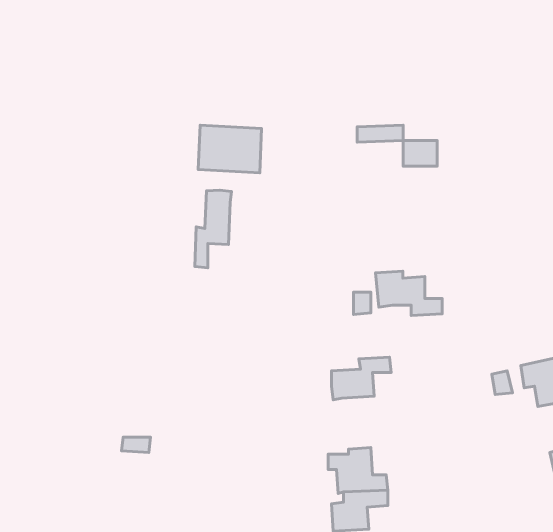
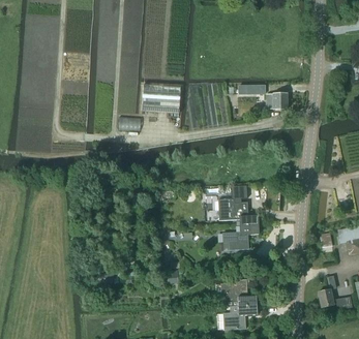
building: [195,190,232,268] -> none
building: [375,271,442,316] -> [217,198,258,225]
building: none -> [318,289,352,310]

